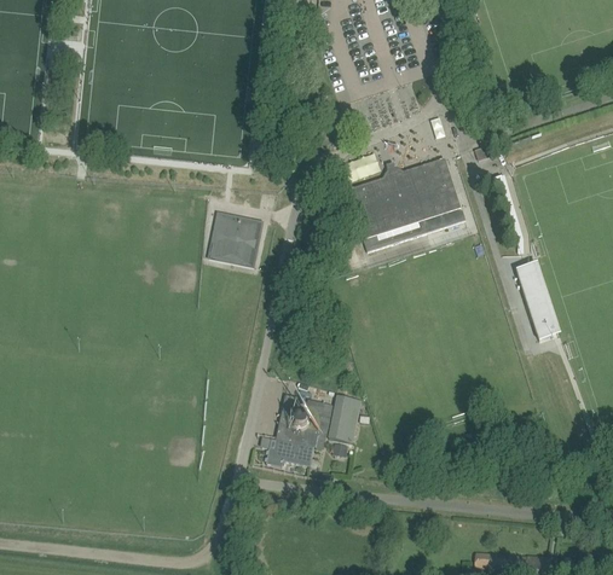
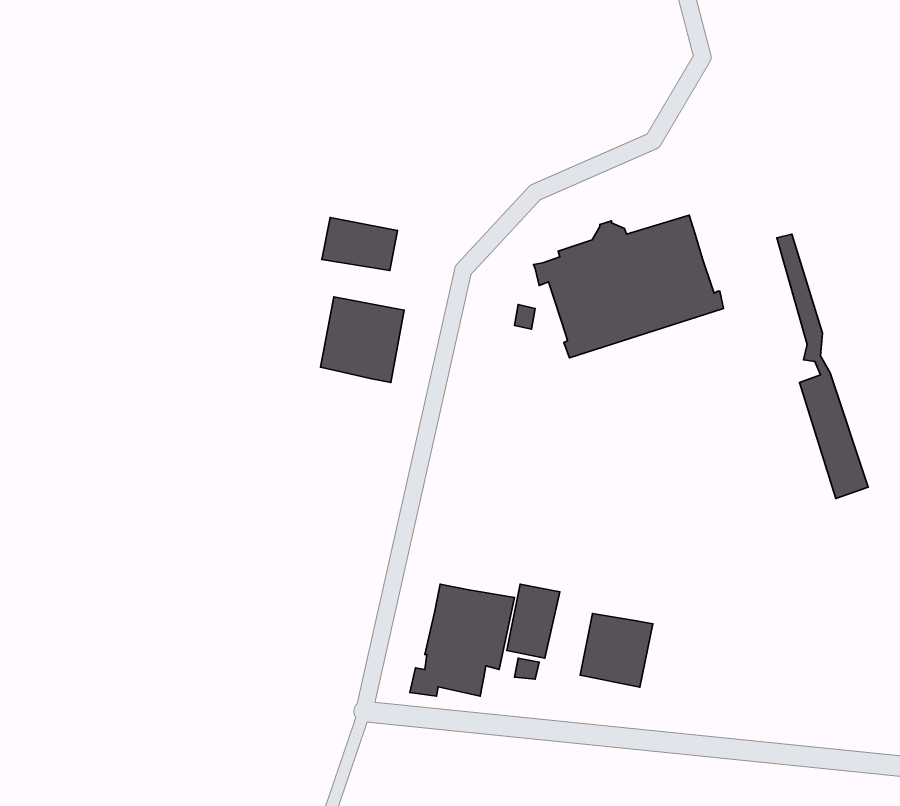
building: none -> [322,218,398,271]
building: none -> [580,613,653,687]

